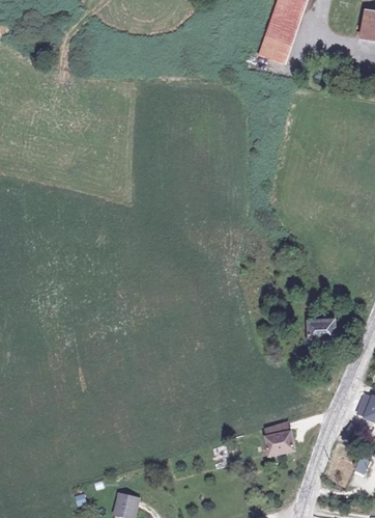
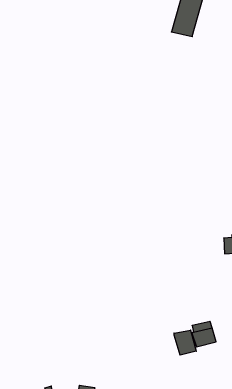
building: none -> [174,330,196,355]

